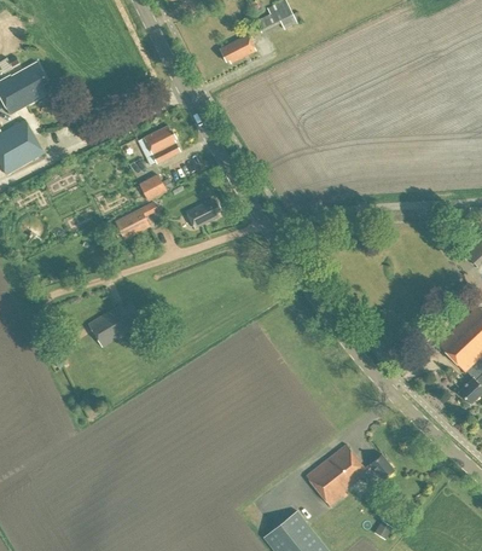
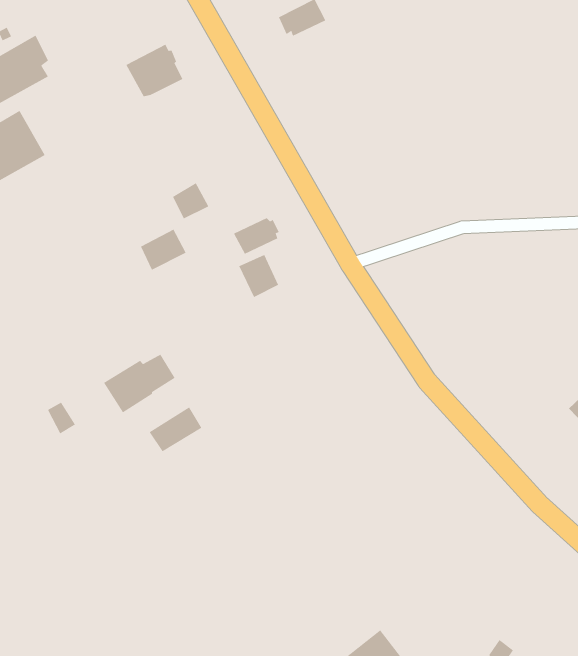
building: [137,124,180,164] -> [126,44,183,97]
building: none -> [239,254,279,298]
building: none -> [149,406,202,452]
building: [306,443,394,507] -> none

